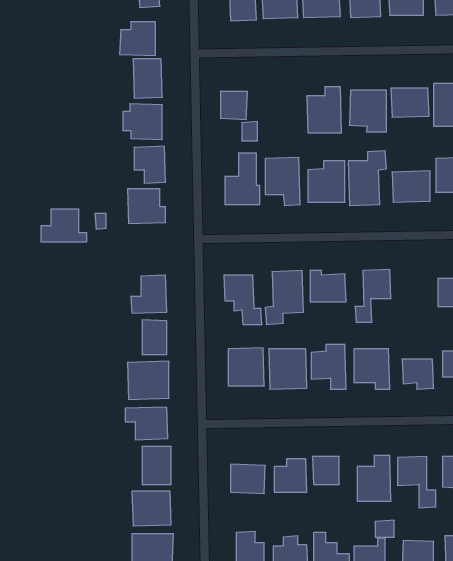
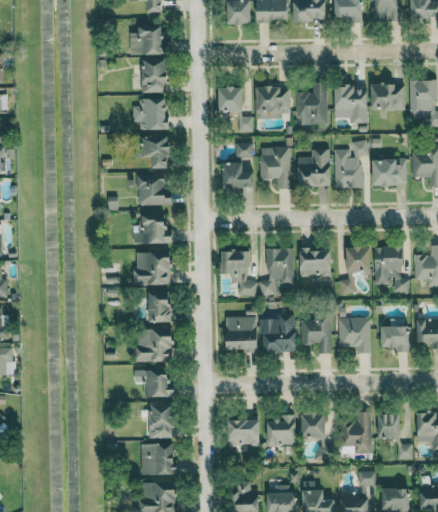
building: none -> [256,86,290,118]
building: [41,209,87,242] -> [132,214,173,243]
building: none -> [374,246,408,292]

